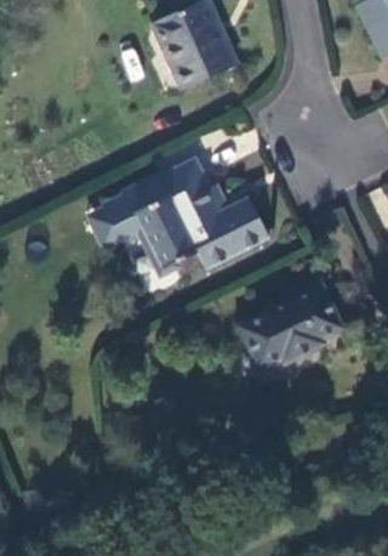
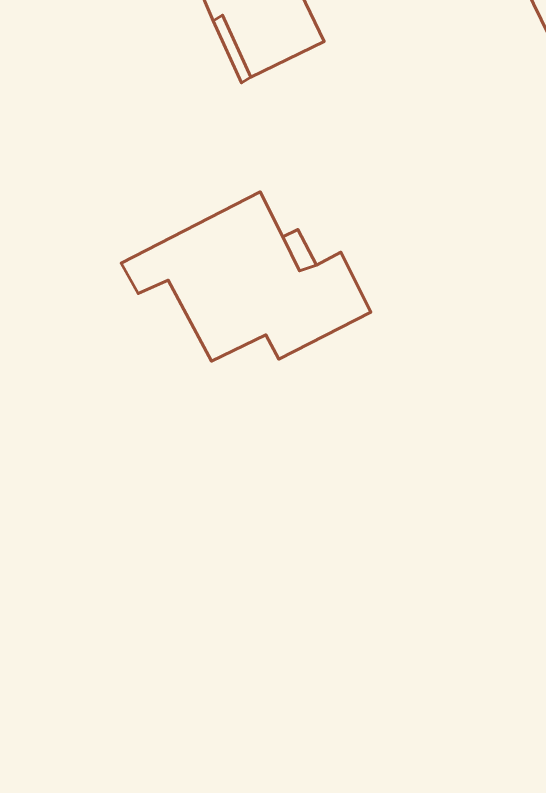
building: [85,205,144,251] -> none
building: [240,288,343,370] -> none

